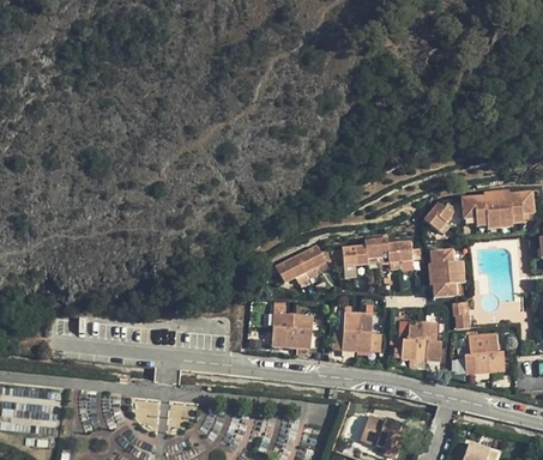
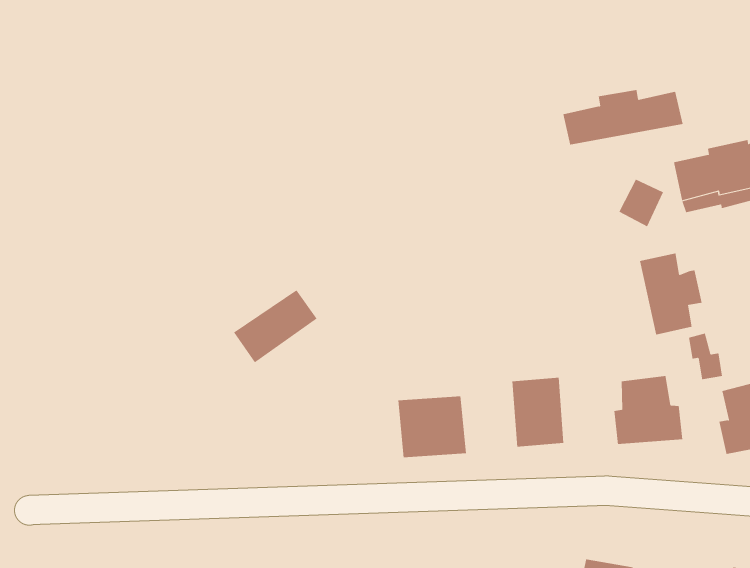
building: [343,238,414,265] -> [562,90,683,145]
building: [276,241,327,280] -> [233,290,318,363]

